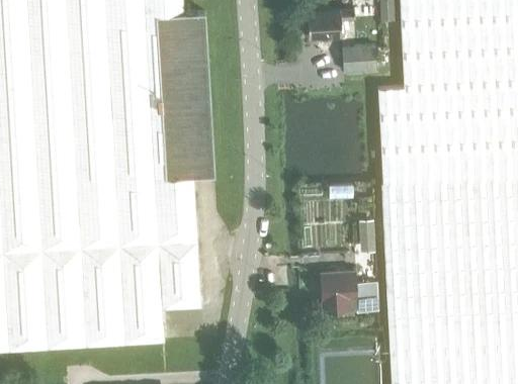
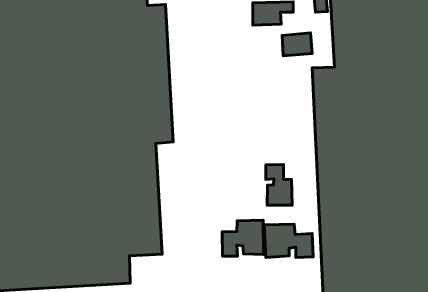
building: none -> [266,164,292,205]
building: none -> [222,220,264,256]

